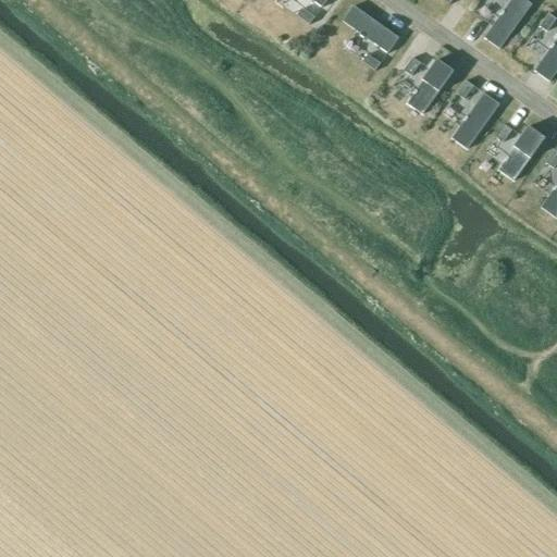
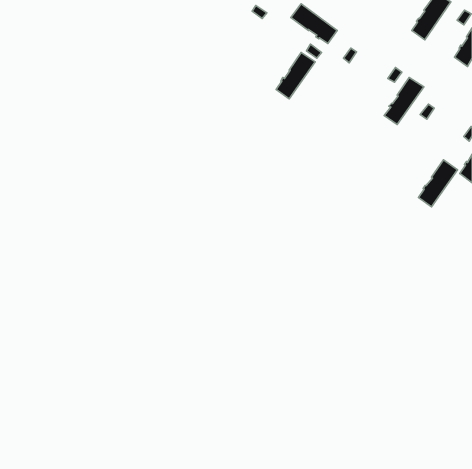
building: [407,58,453,112] -> [276,53,315,99]
building: [498,124,544,180] -> [419,160,457,207]

